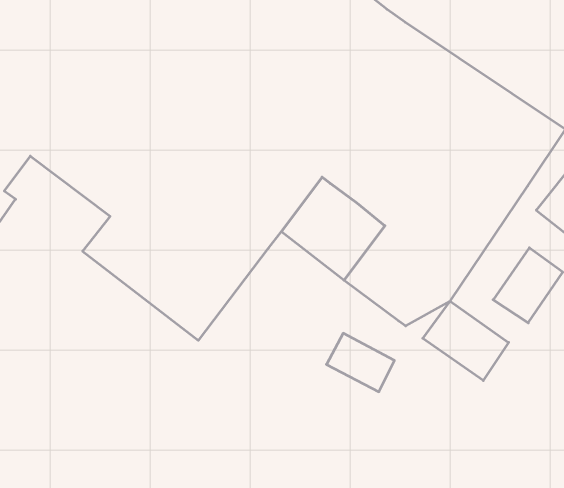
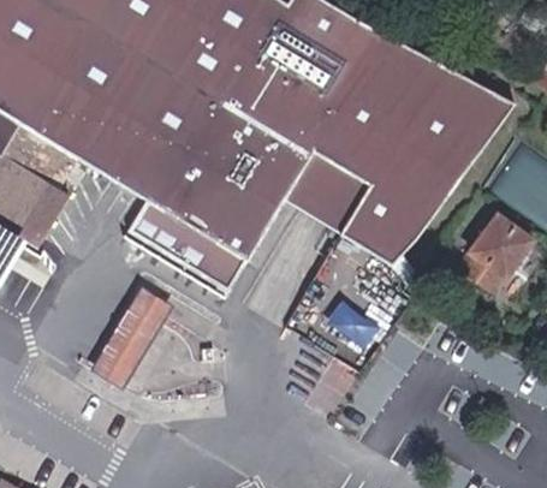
building: [423,301,509,381] -> none
building: none -> [101,298,166,379]

